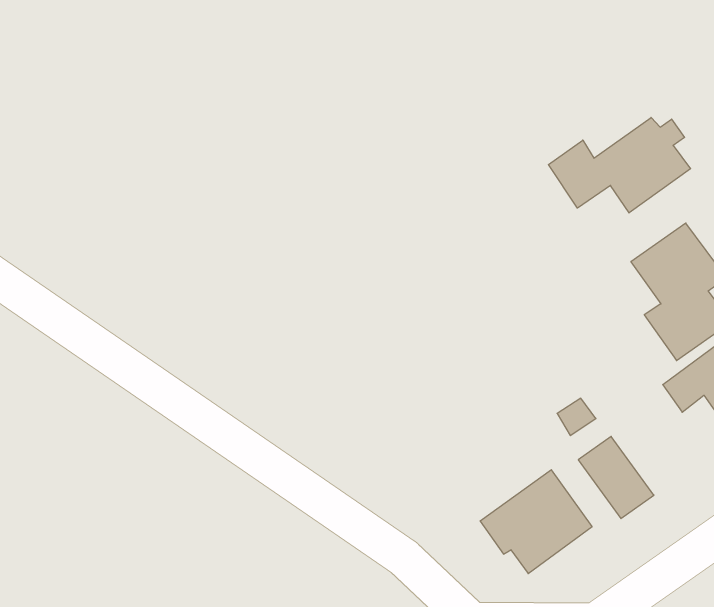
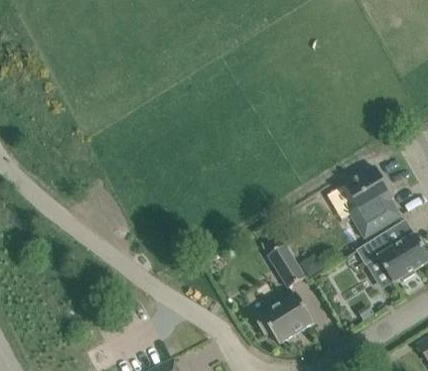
building: [548,117,691,213] -> none
building: [578,436,654,519] -> [267,245,305,288]

